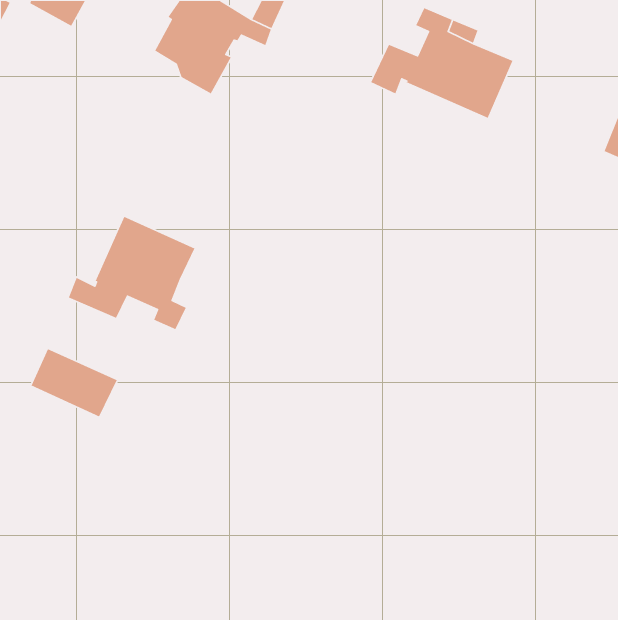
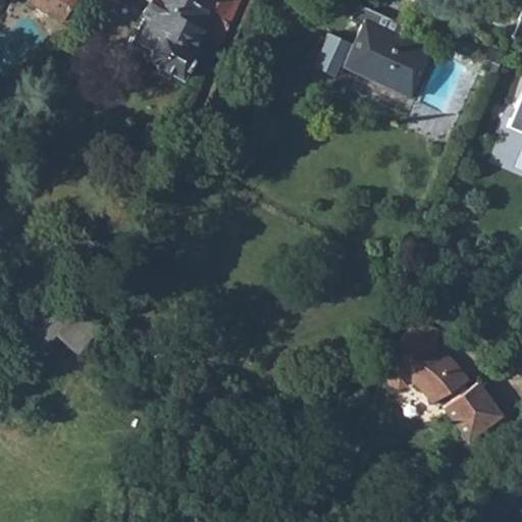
building: [68,216,195,330] -> none
building: none -> [388,320,503,440]

